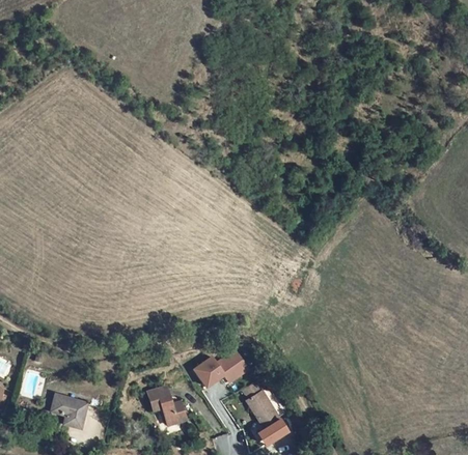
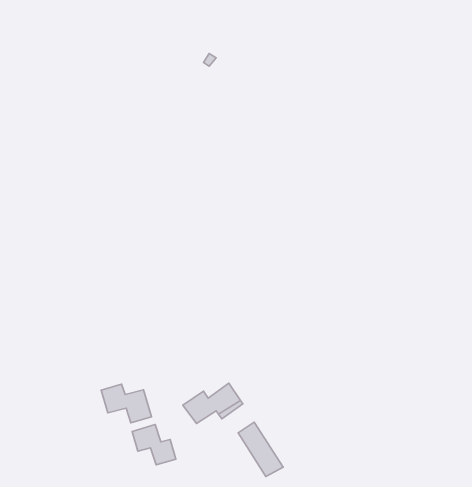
building: none -> [101,384,151,423]
building: [49,392,83,426] -> none

